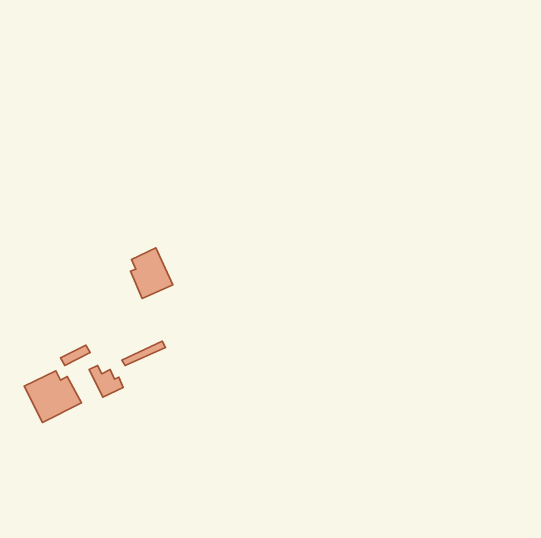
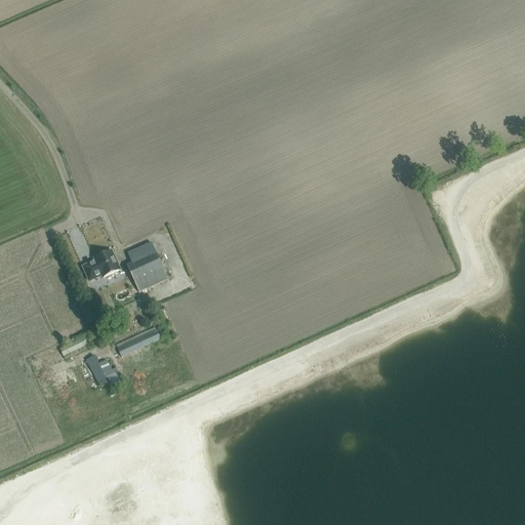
building: none -> [82,247,119,278]
building: [24,371,81,422] -> none

